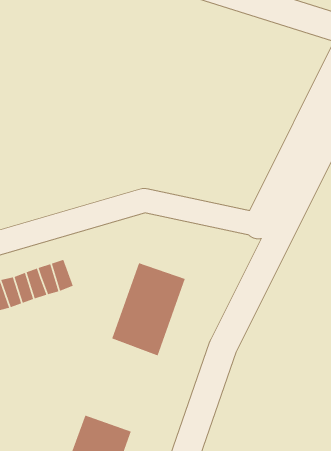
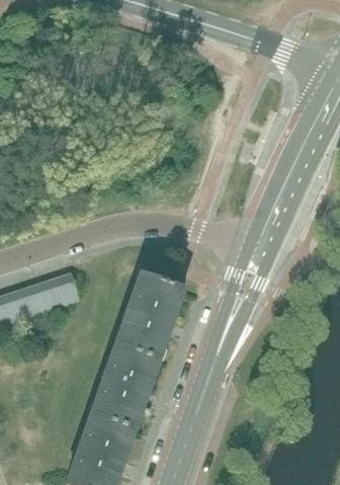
building: none -> [89,347,157,432]

